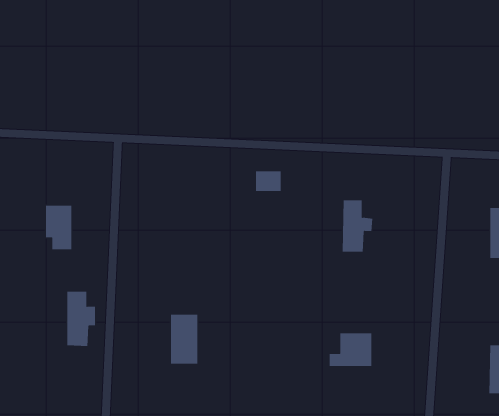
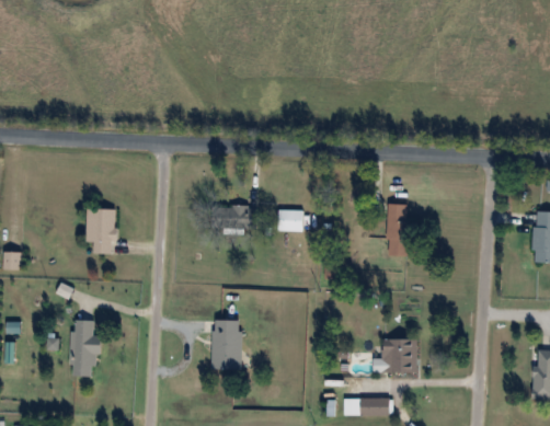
building: [255,171,281,191] -> [276,210,302,231]
building: none -> [225,206,257,229]
building: [66,291,96,347] -> [71,320,101,376]
building: none -> [344,398,390,415]

